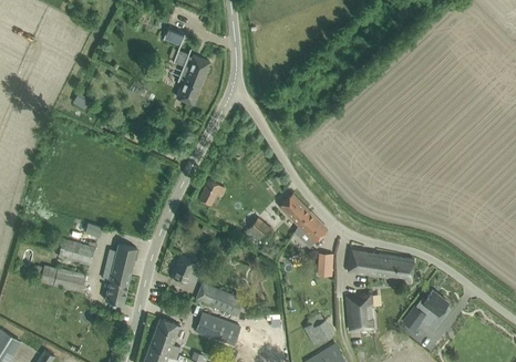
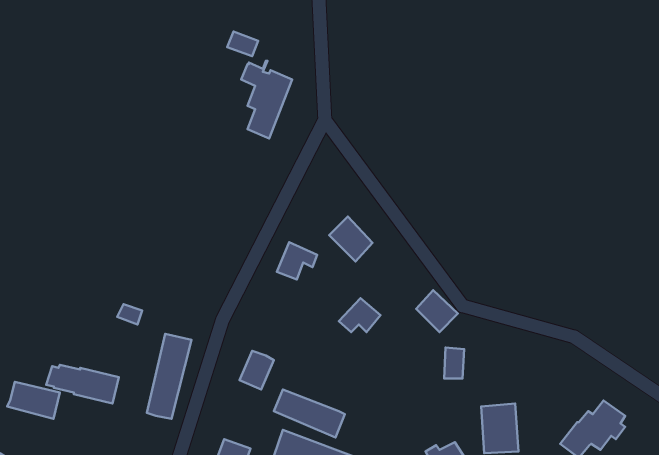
building: [279,194,310,226] -> [329,217,373,262]
building: [58,239,95,266] -> [7,382,60,419]
building: [347,251,414,283] -> none

